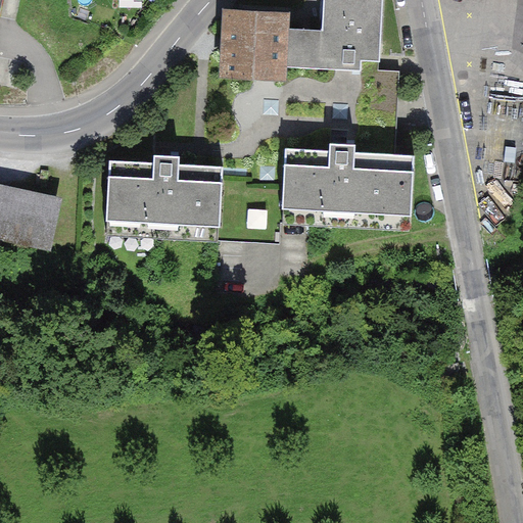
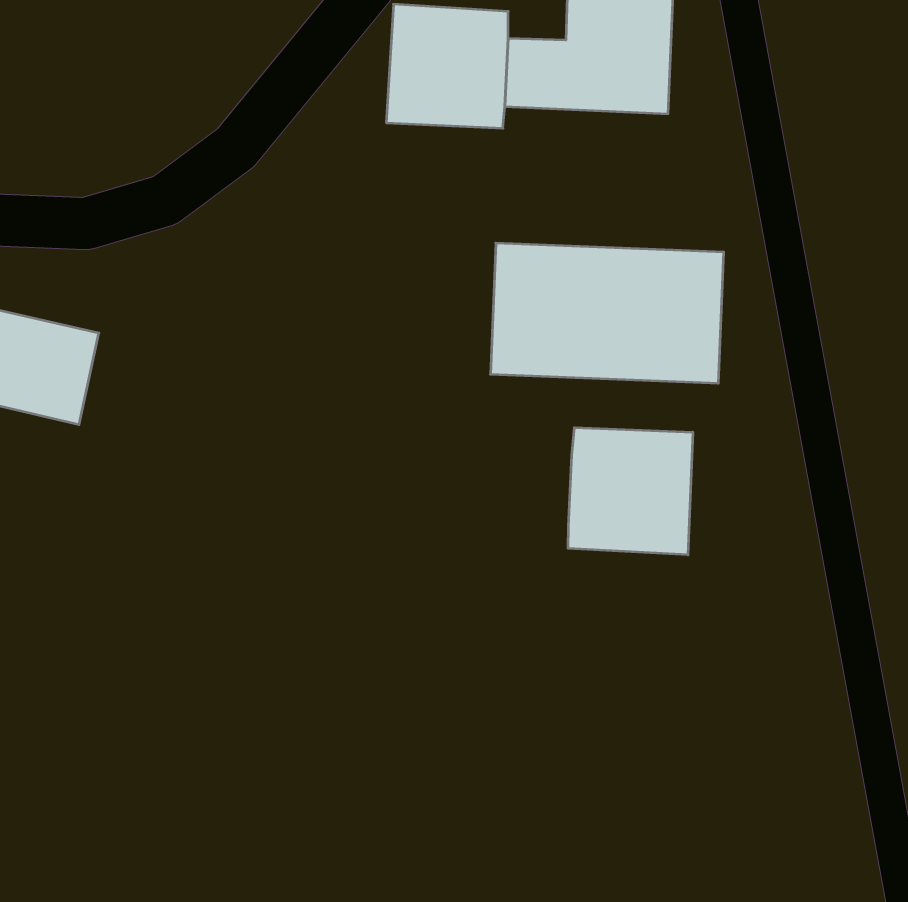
building: [103,159,225,236] -> none
building: none -> [568,428,693,555]

